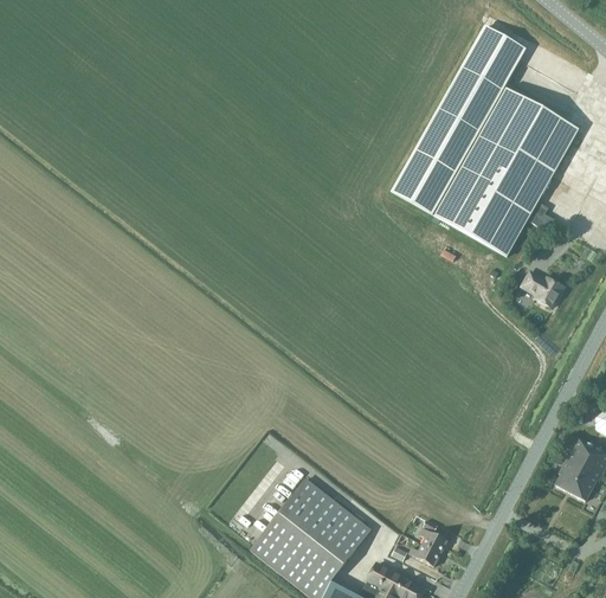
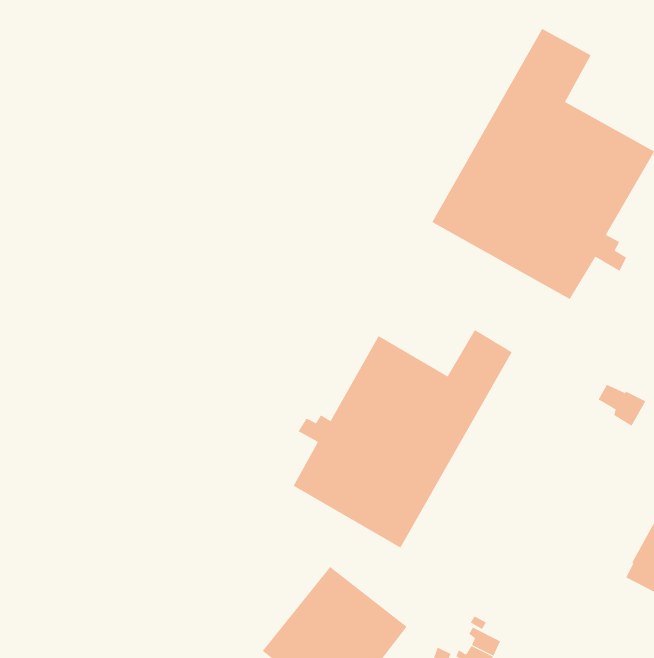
building: [524,272,565,308] -> [598,384,646,427]
building: none -> [293,329,512,549]

